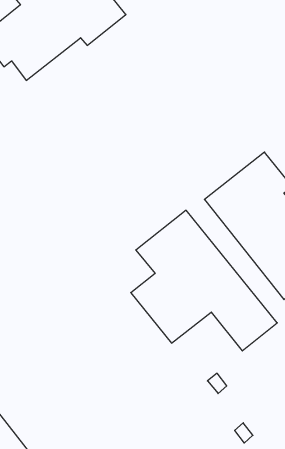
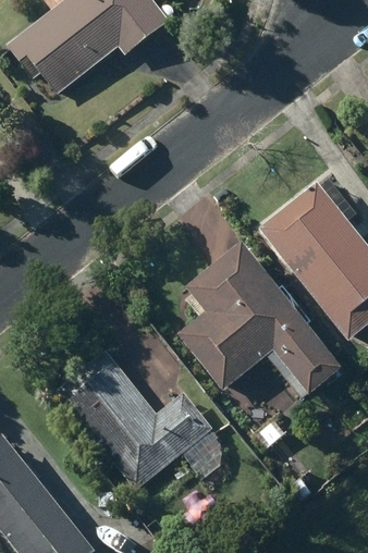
building: none -> [58,349,214,490]

